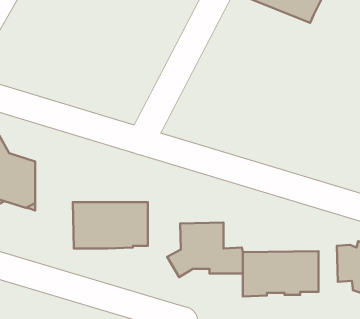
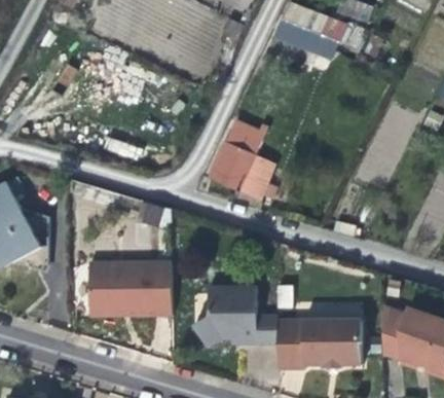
building: none -> [209,119,274,198]

